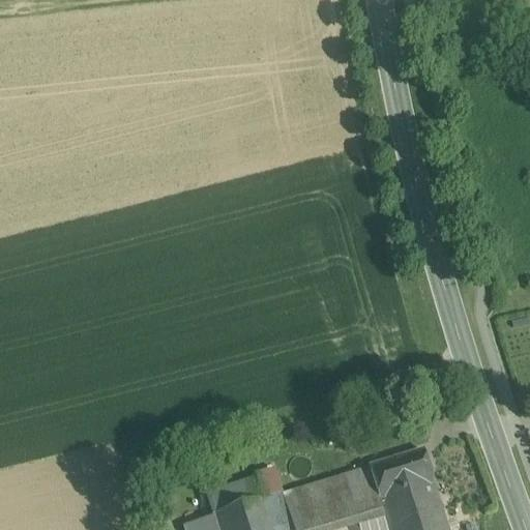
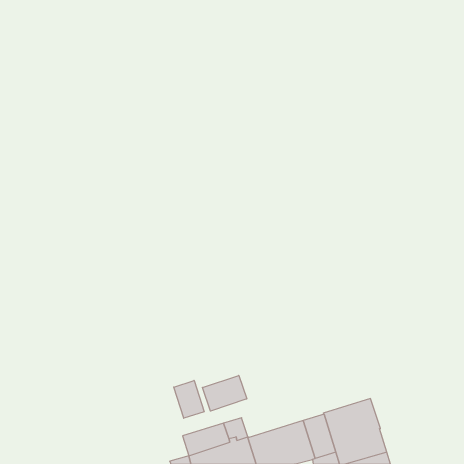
building: none -> [202,375,247,411]
building: none -> [174,380,204,418]

